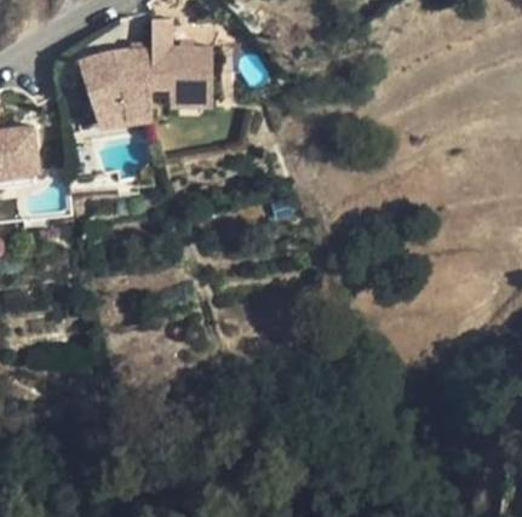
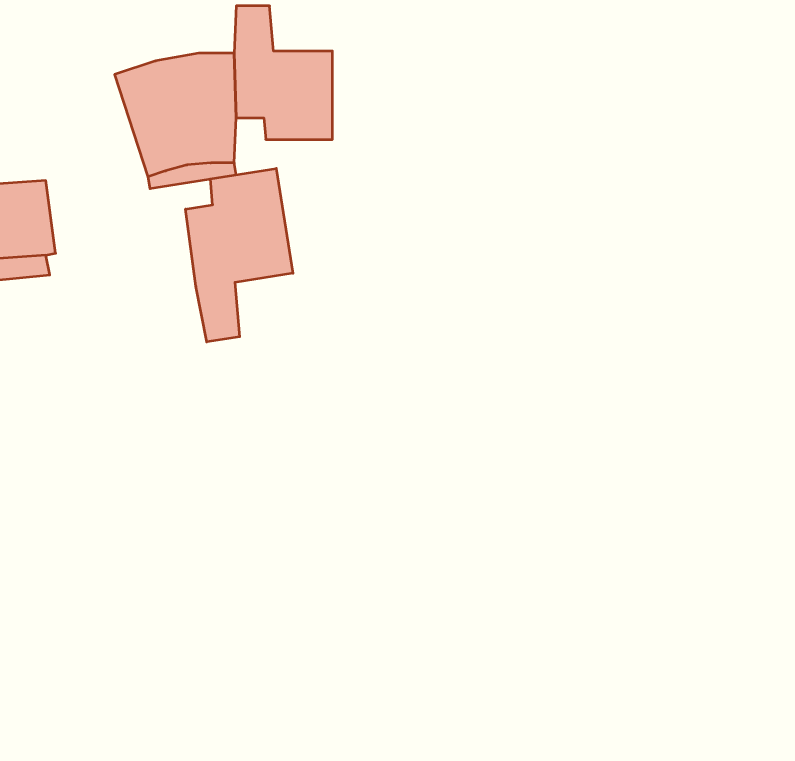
building: none -> [186,168,293,342]

